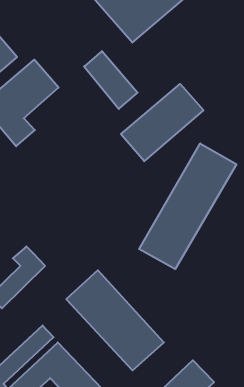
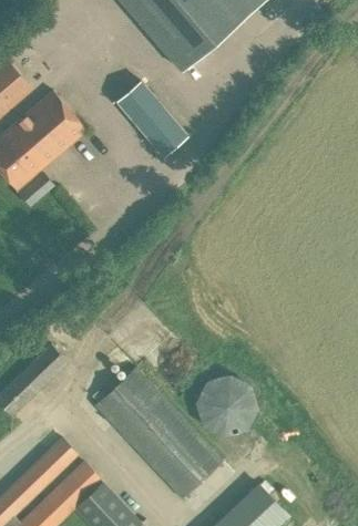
building: [121,84,203,161] -> none
building: [139,143,236,269] -> none
building: none -> [194,374,257,437]

